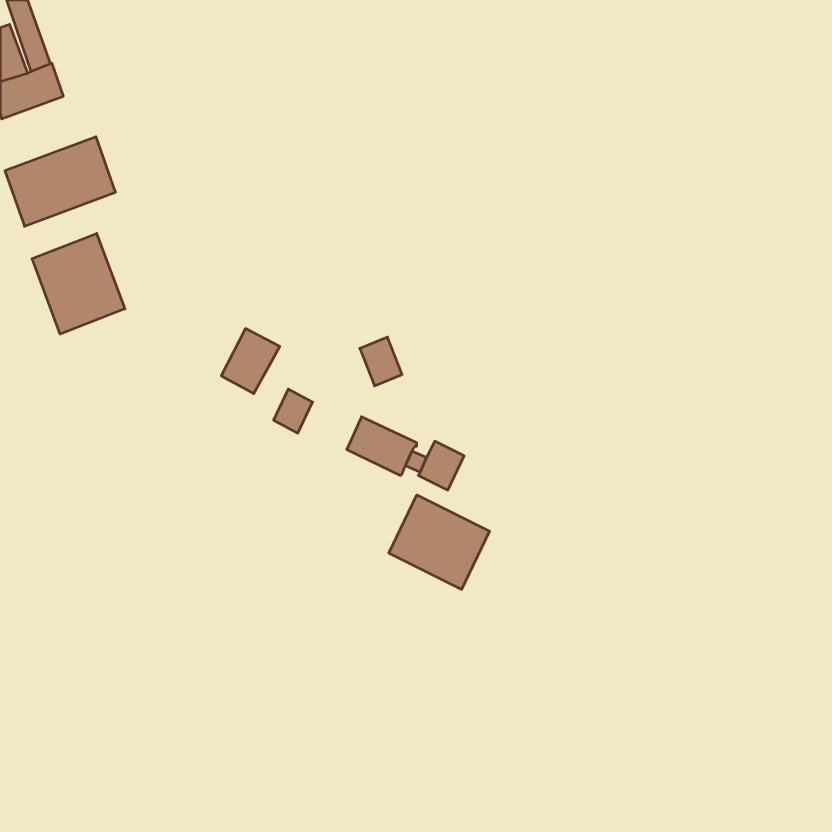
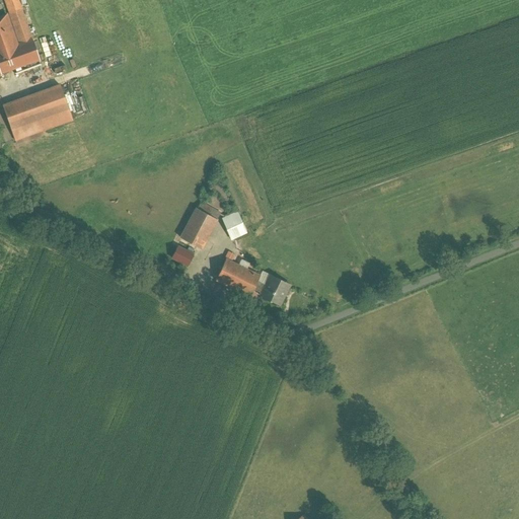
building: [32,233,125,334] -> none
building: [221,329,280,394] -> [180,209,217,249]
building: [389,495,490,589] -> none

